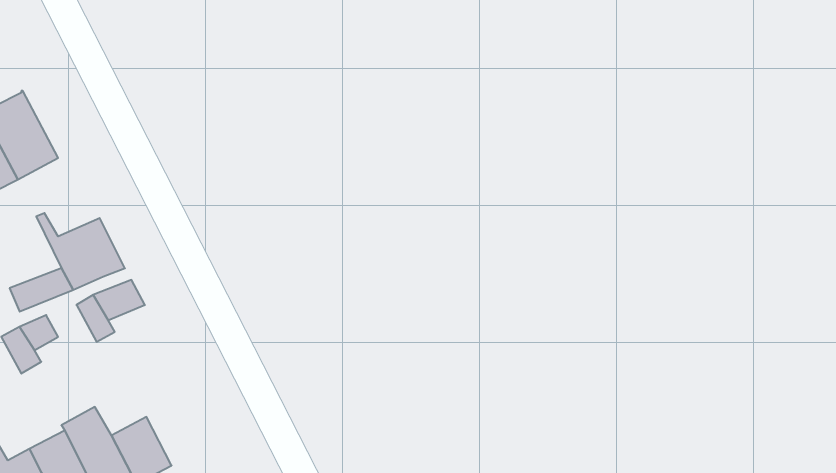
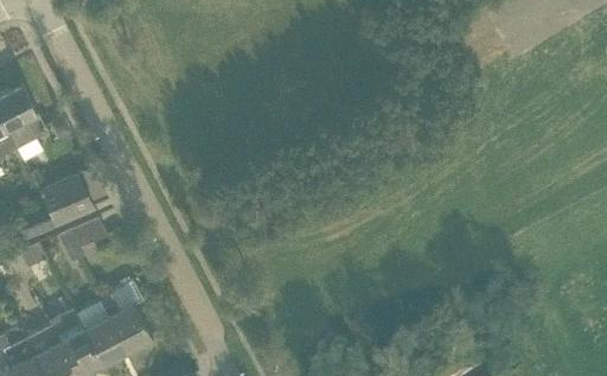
building: none -> [101,274,152,342]

